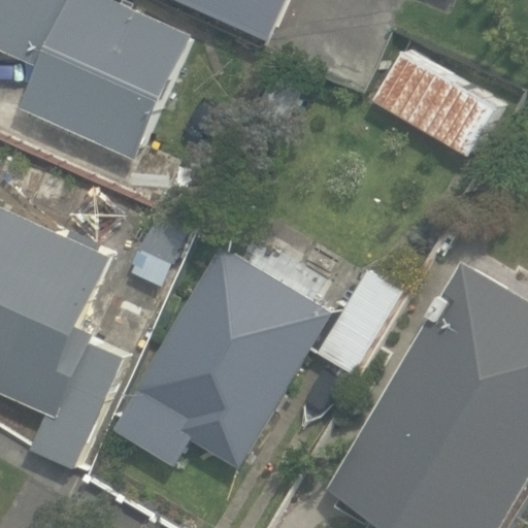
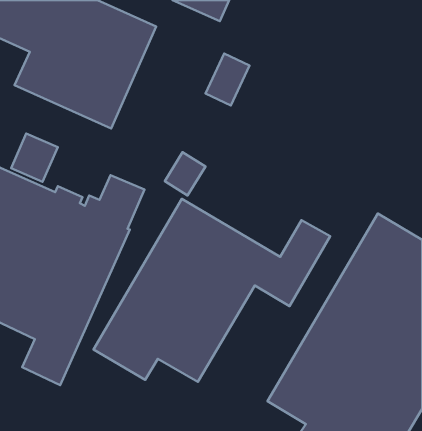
building: [372,53,497,157] -> none

